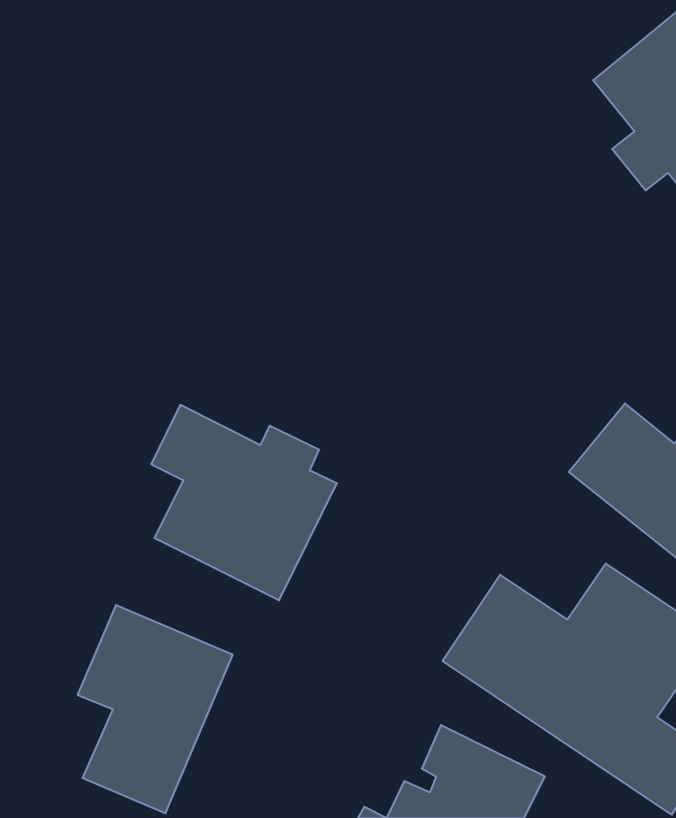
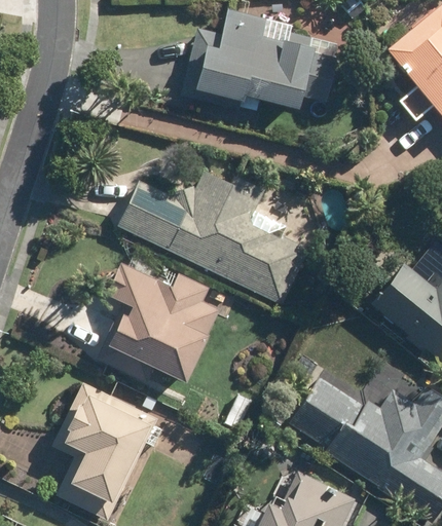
building: none -> [179,11,346,117]
building: none -> [119,170,312,306]

